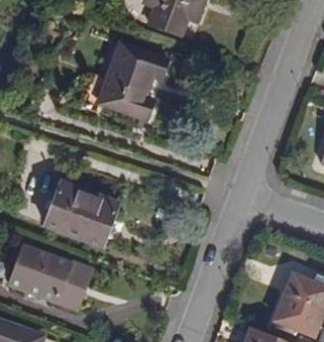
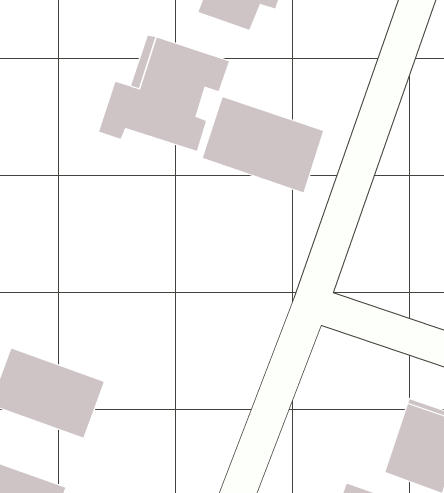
building: none -> [202,97,324,193]
building: [53,177,124,240] -> none

